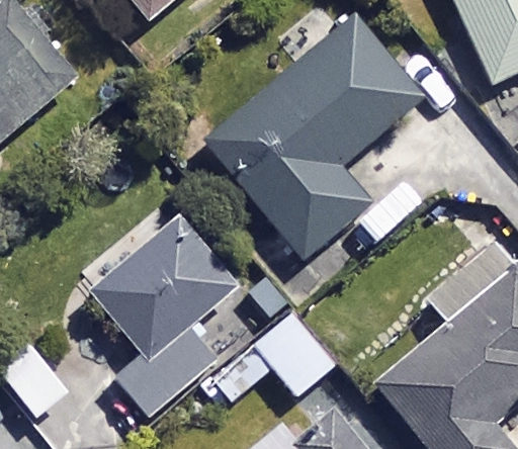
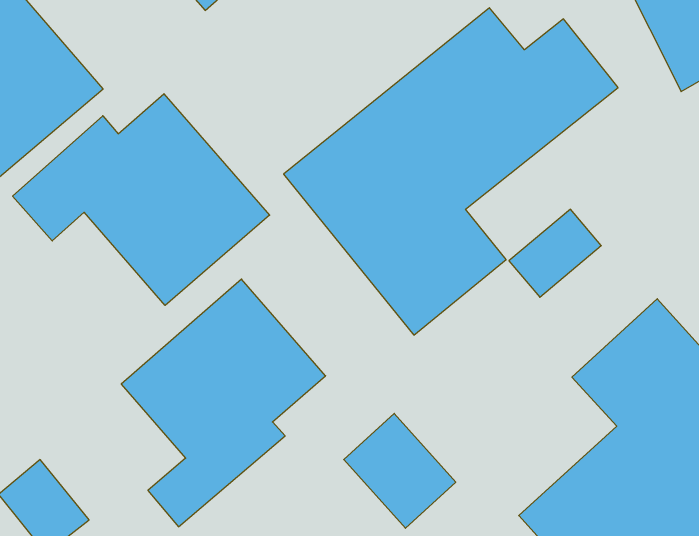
building: none -> [13,94,270,305]

